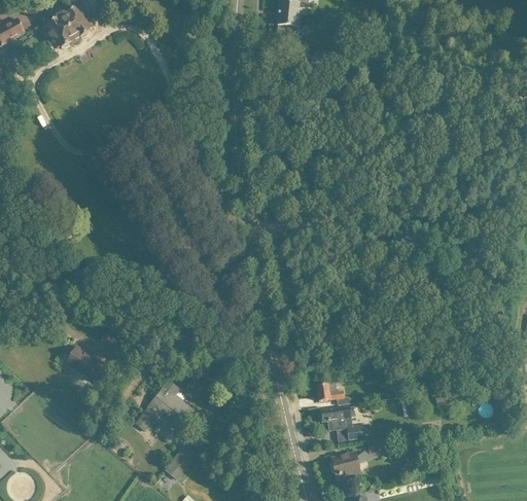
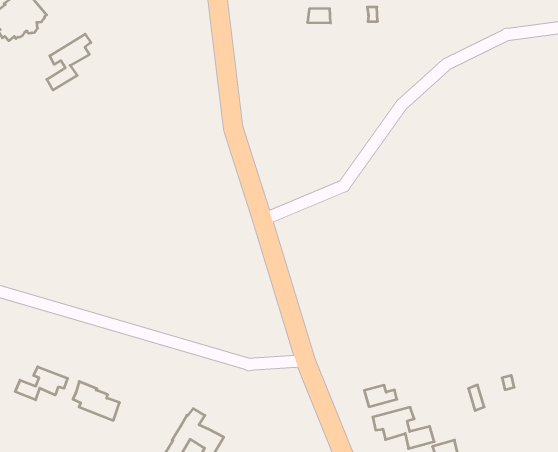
building: none -> [47,34,91,90]
building: none -> [15,367,68,400]

